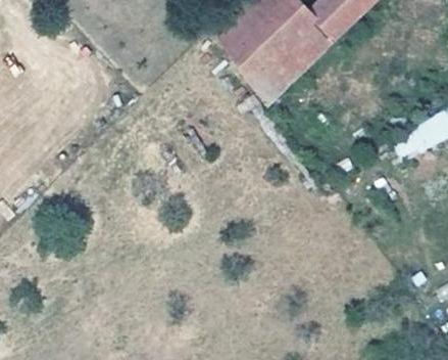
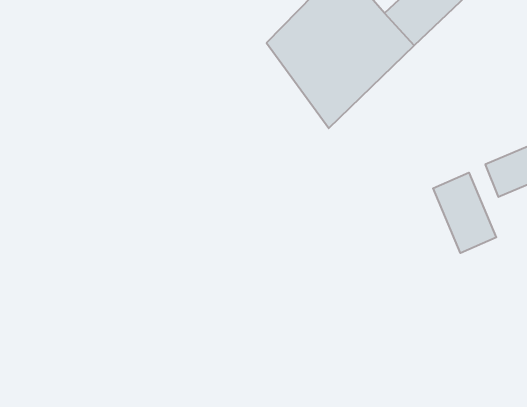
building: none -> [433,173,496,253]

